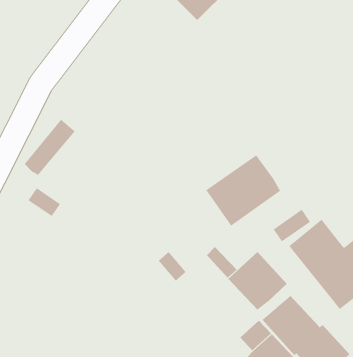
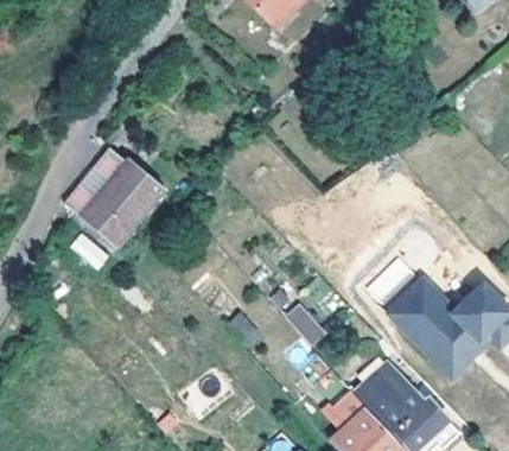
building: none -> [83,163,161,244]
building: [205,155,281,226] -> none
building: [227,251,287,311] -> none

